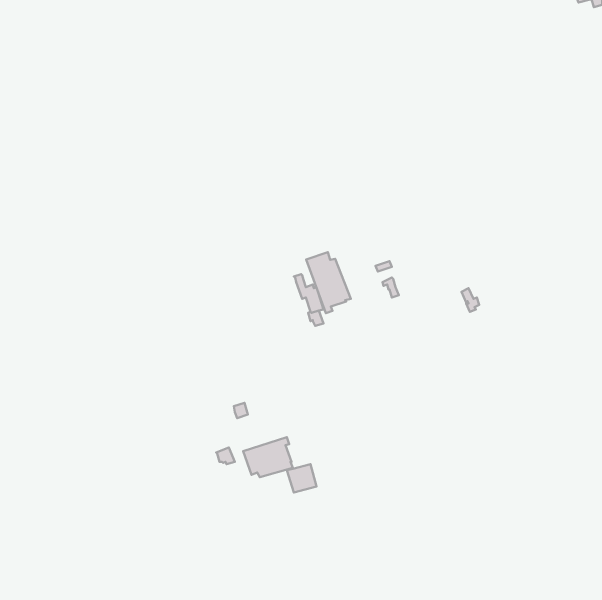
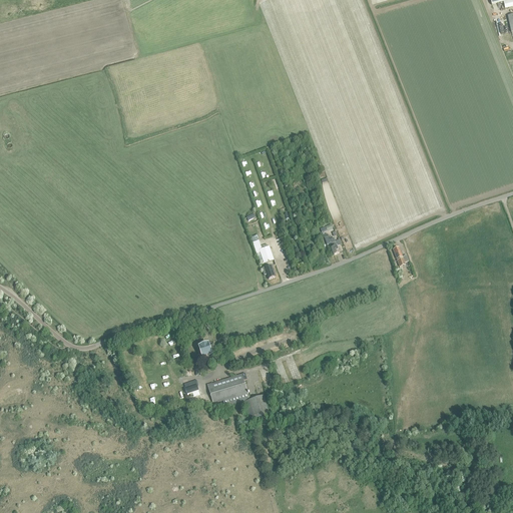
building: [306,252,351,313] -> none

